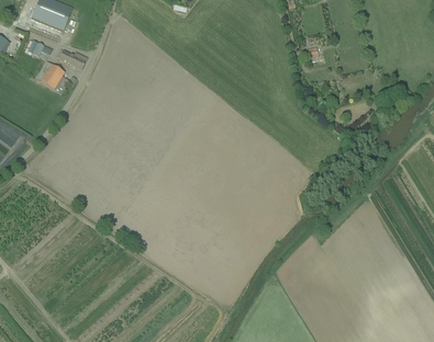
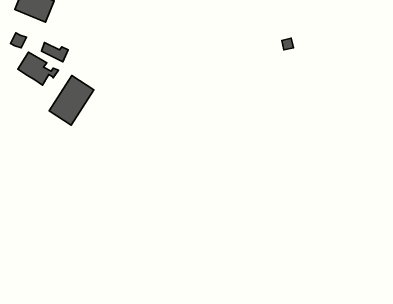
building: none -> [49,75,94,125]

